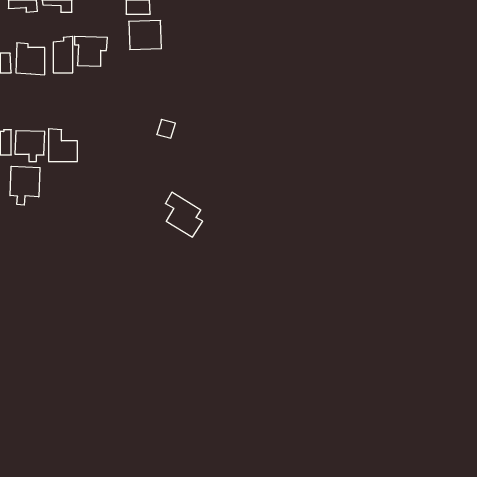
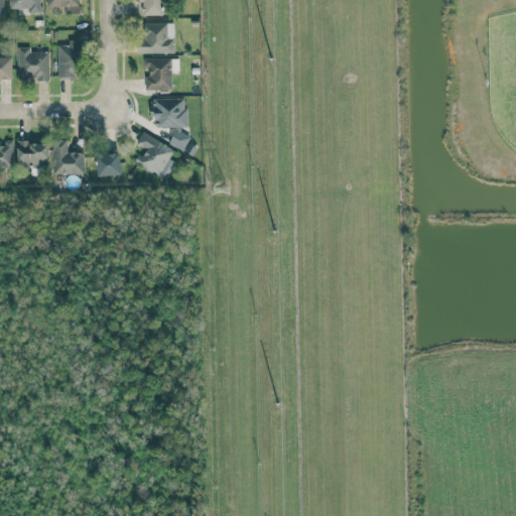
building: [75,36,107,66] -> [143,57,178,90]
building: none -> [151,98,187,127]
building: none -> [96,153,120,175]
building: [10,166,40,205] -> none
building: [165,192,203,237] -> [135,131,175,179]

